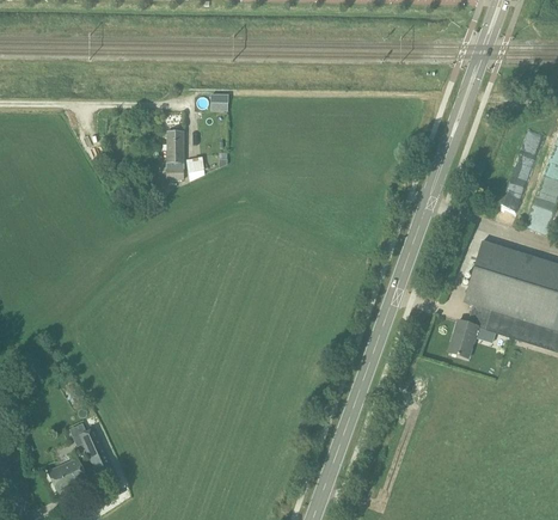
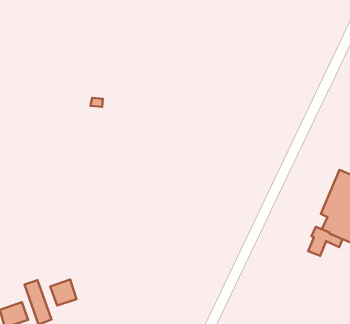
building: [163,129,184,178] -> none
building: none -> [50,280,76,305]

